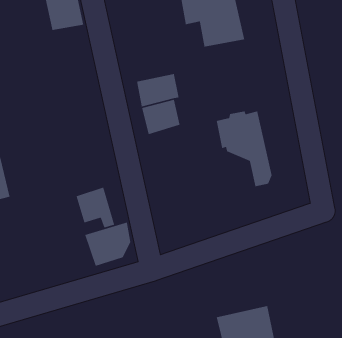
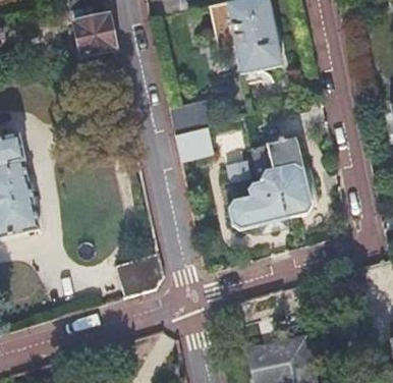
building: none -> [230,178,293,229]
building: [75,186,115,228] -> none

